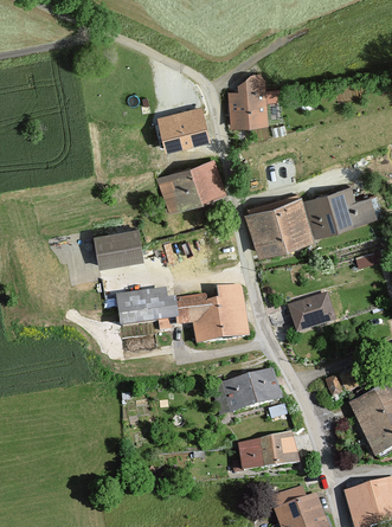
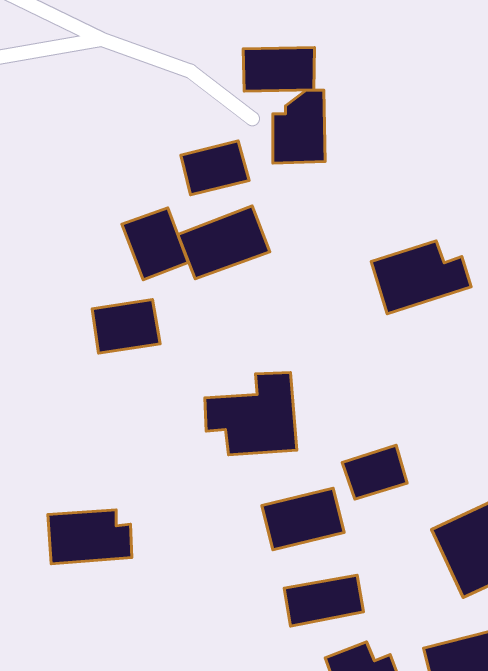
building: none -> [243,47,315,91]
building: none -> [122,208,188,280]
building: [246,200,315,256] -> none
building: [117,291,180,332] -> [48,510,132,564]
building: [288,294,336,334] -> [342,445,407,499]

